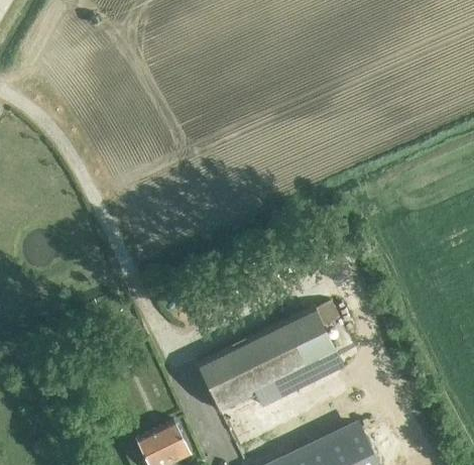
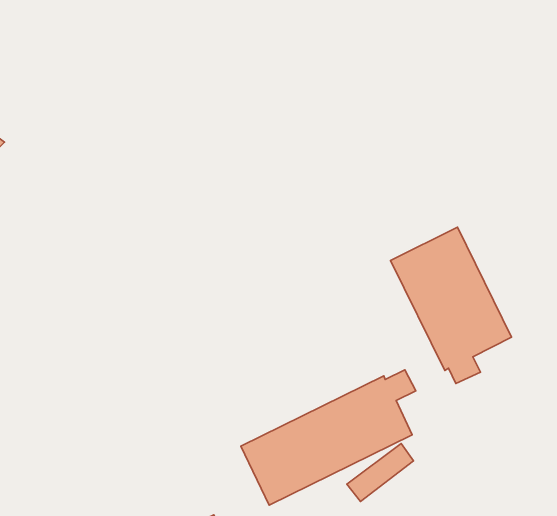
building: none -> [391,227,512,384]

